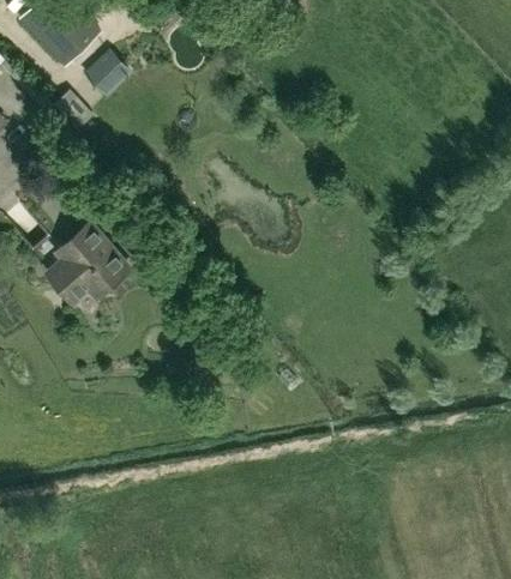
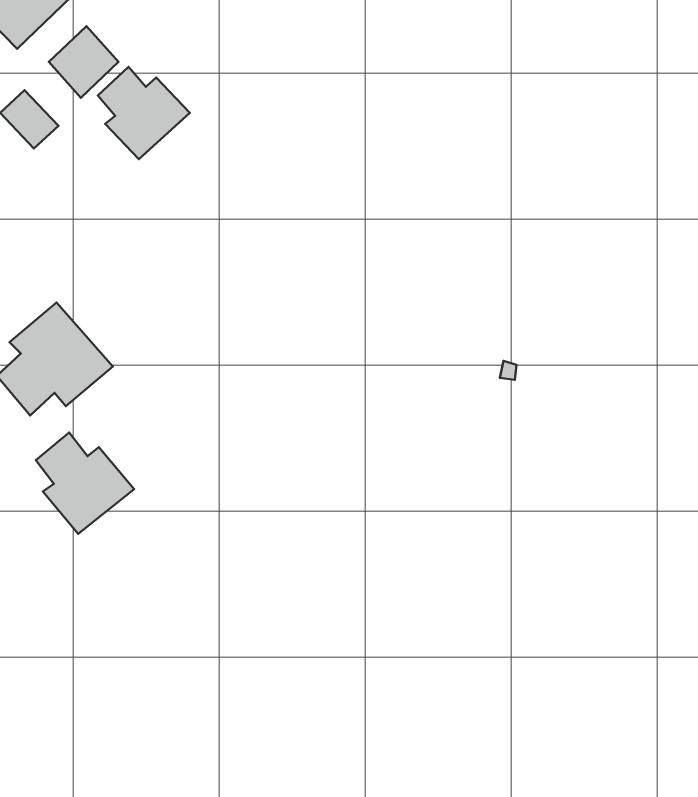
building: none -> [98,67,190,159]
building: none -> [36,433,134,534]

